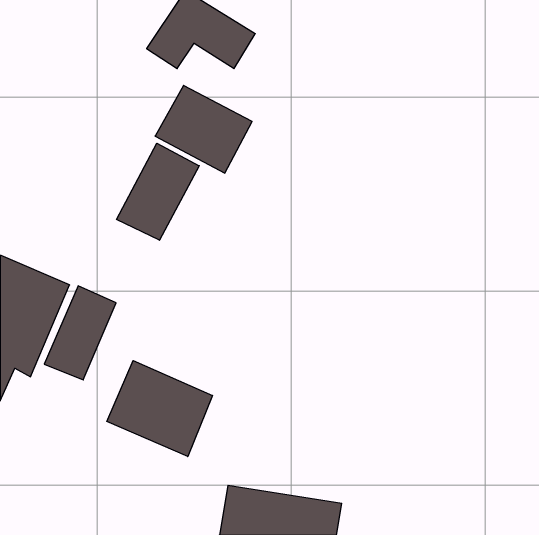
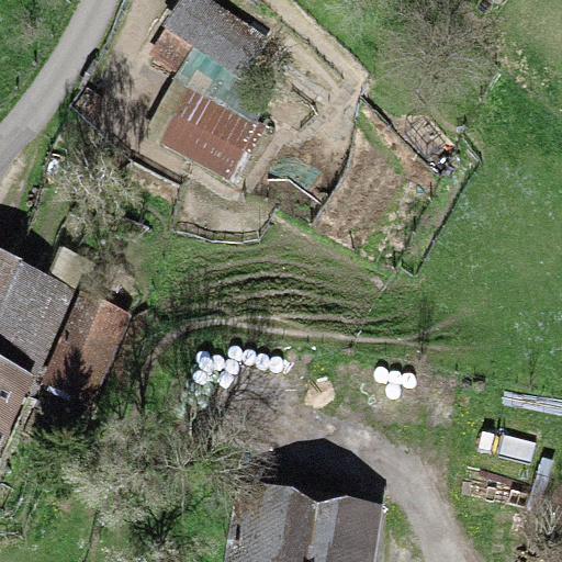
building: [117,143,199,240] -> none
building: [107,361,212,457] -> none

